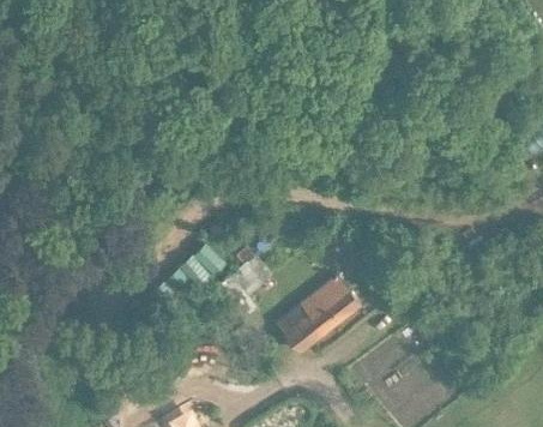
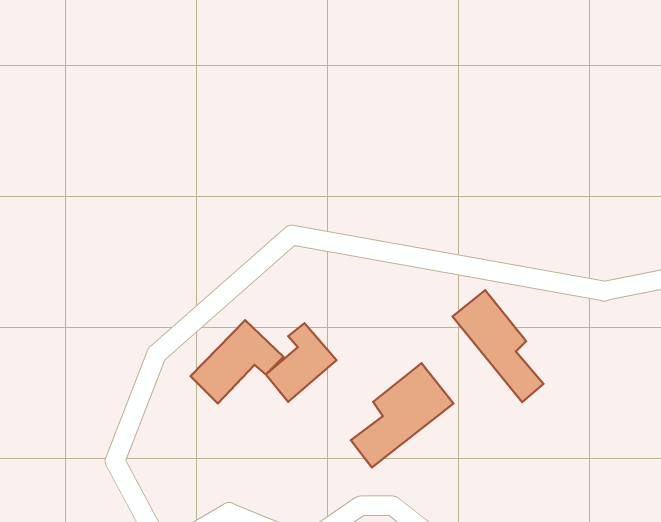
building: none -> [452,290,543,402]

